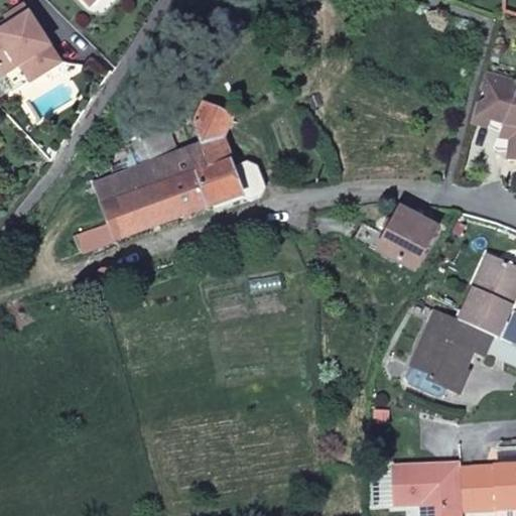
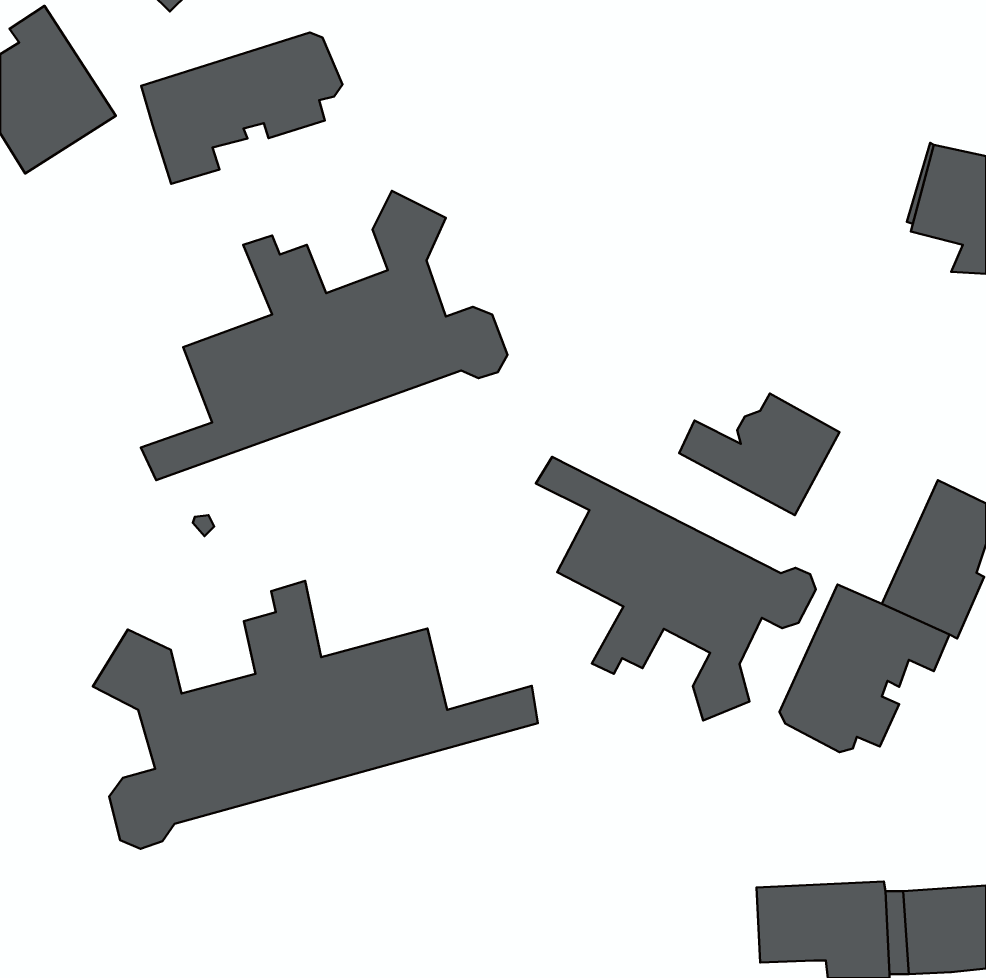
building: none -> [141,32,343,184]
building: none -> [536,457,816,721]
building: none -> [93,581,538,849]

